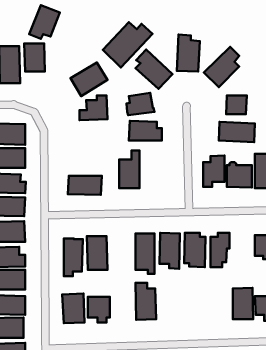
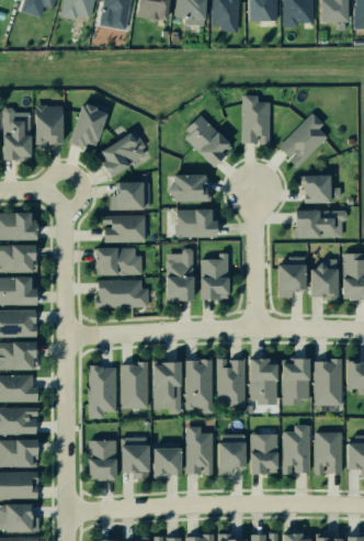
building: [29,5,60,39] -> [69,105,110,150]
building: [103,22,152,67] -> none
building: none -> [99,213,141,243]
building: none -> [93,248,140,278]
building: none -> [198,252,227,301]
building: none -> [315,361,342,405]
building: none -> [155,362,183,413]
building: none -> [284,425,310,473]
building: none -> [252,435,280,472]
building: none -> [219,441,248,475]
building: none -> [157,449,182,476]

